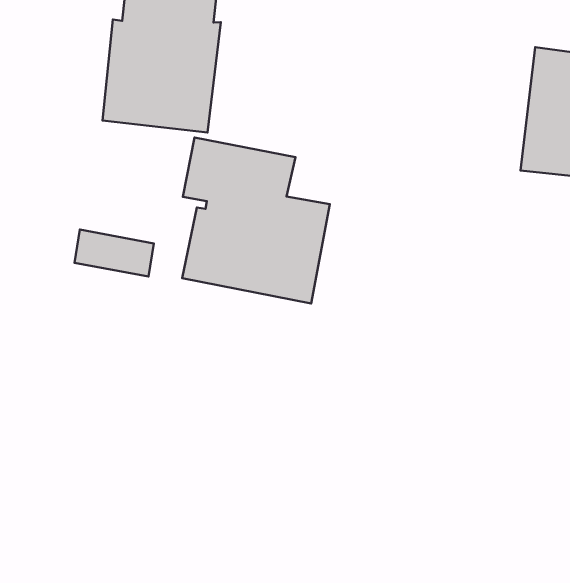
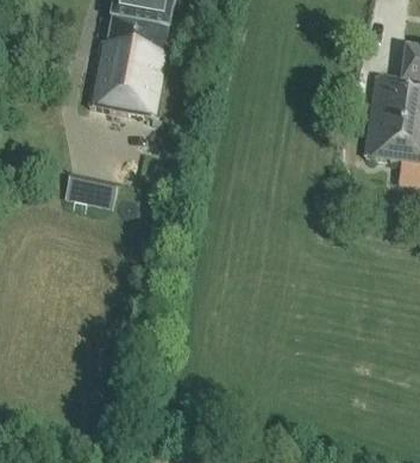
building: [182,138,330,303] -> none

